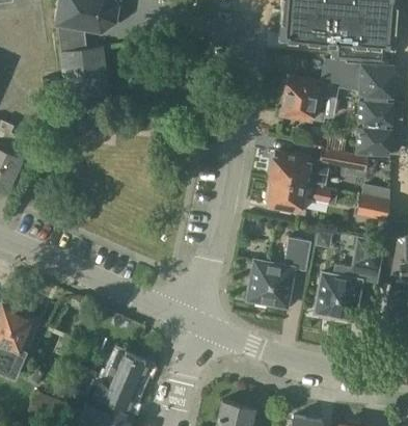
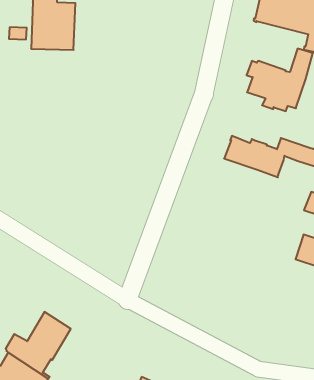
building: [268,176,335,213] -> none
building: [247,237,311,307] -> none
building: [316,265,362,319] -> none

